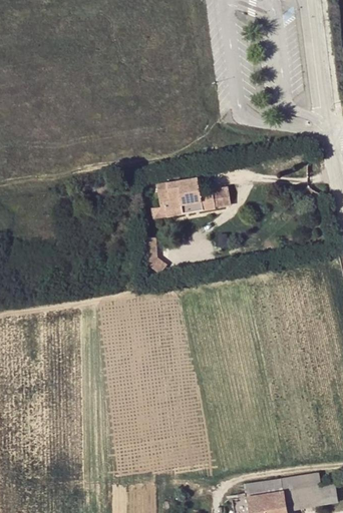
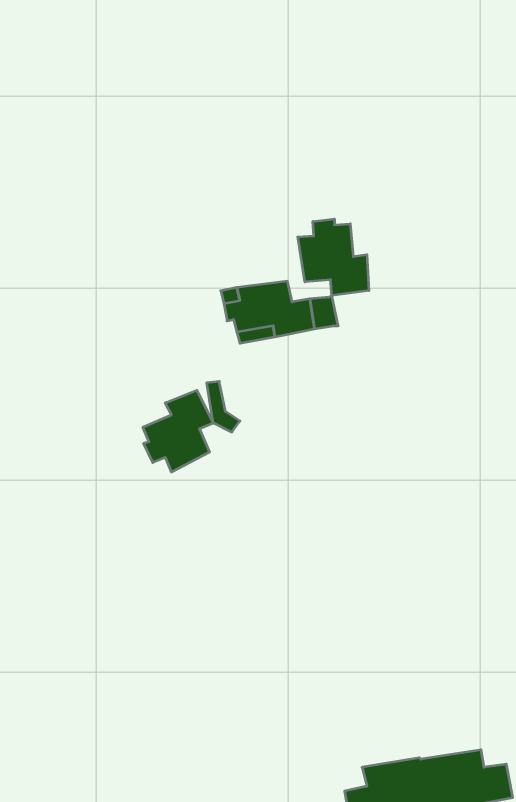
building: none -> [298,219,369,296]
building: none -> [143,390,213,472]

